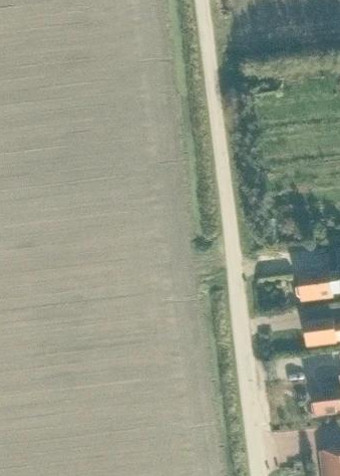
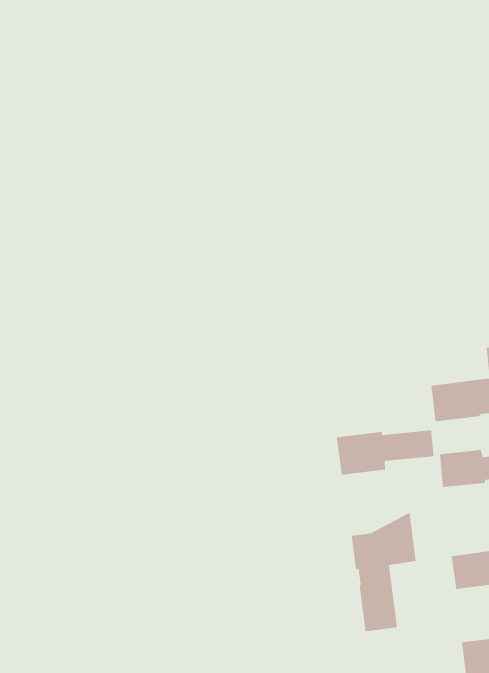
building: none -> [336,430,434,476]
building: none -> [351,512,416,632]

